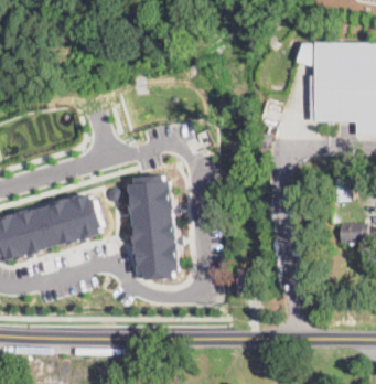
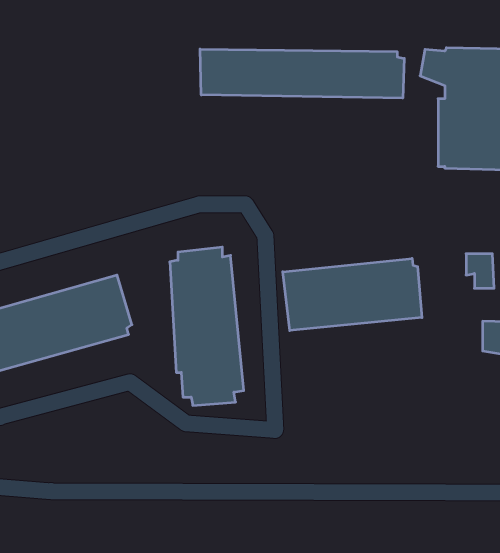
building: none -> [200,49,404,98]
building: none -> [283,258,422,331]

